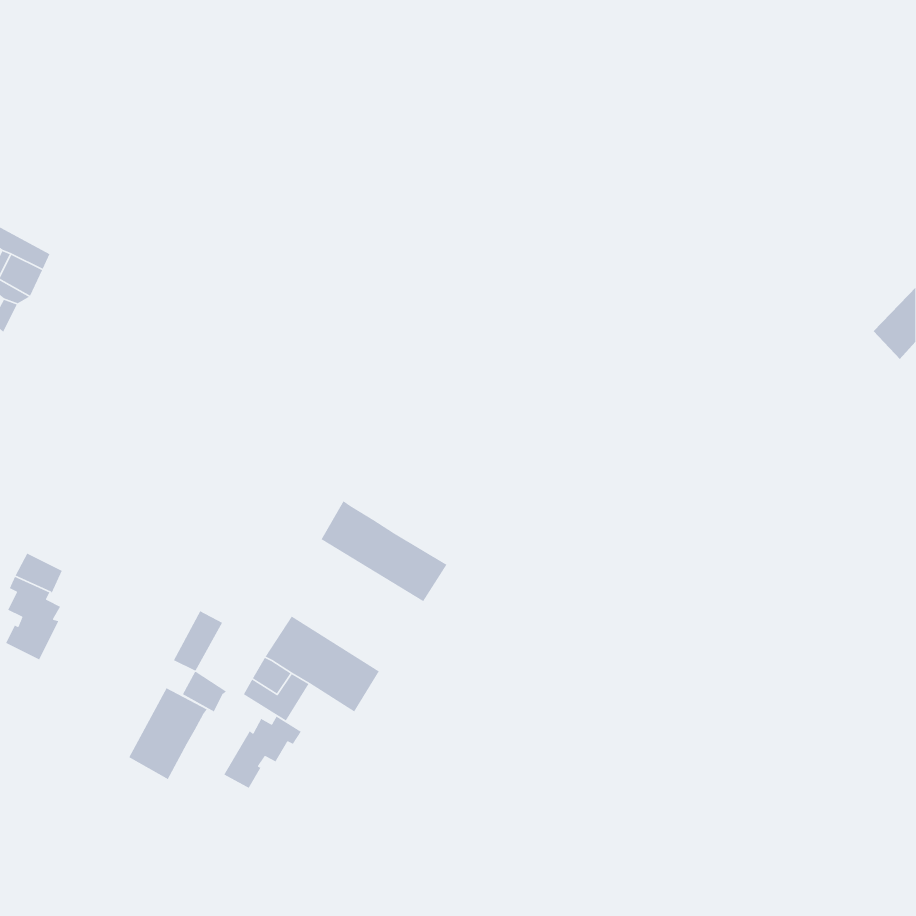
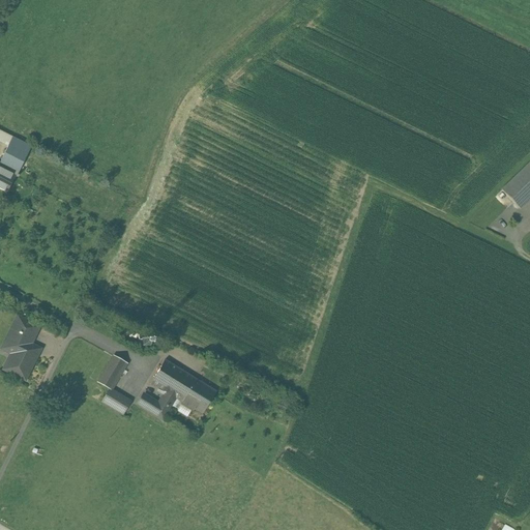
building: [320,500,447,602] -> none
building: [128,687,208,780] -> none
building: [223,716,302,789] -> none

